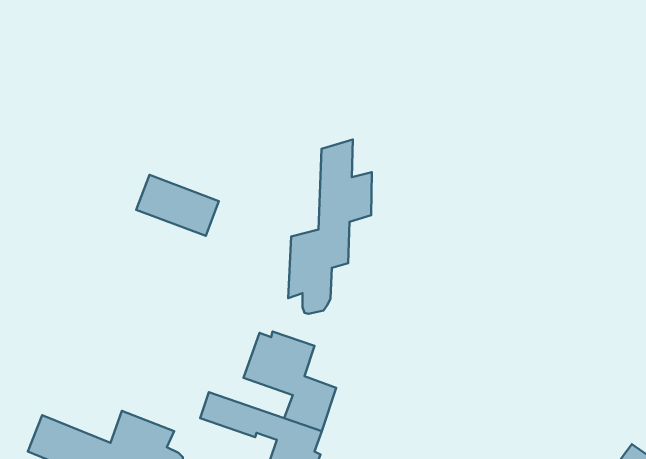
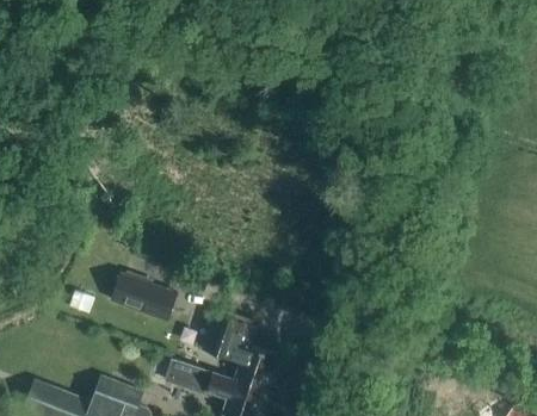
building: [288,140,372,314] -> none
building: [136,175,219,236] -> [111,271,179,321]

